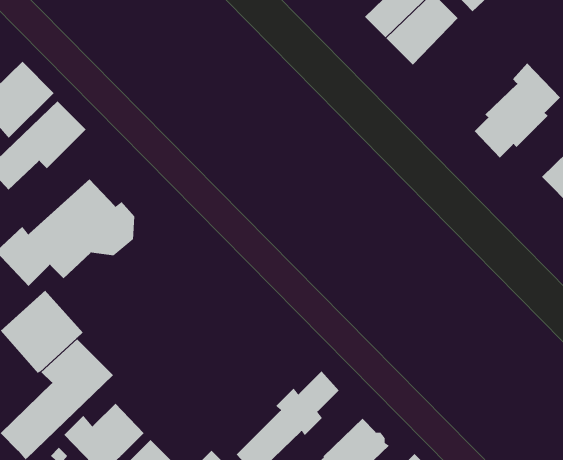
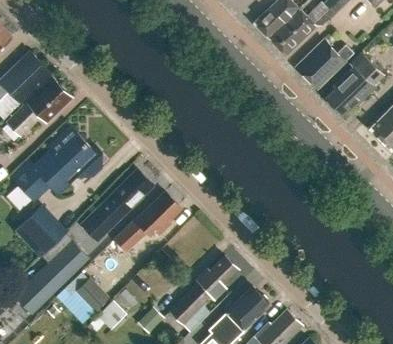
building: none -> [296,40,354,87]
building: none -> [83,169,154,236]
building: none -> [113,191,180,253]

